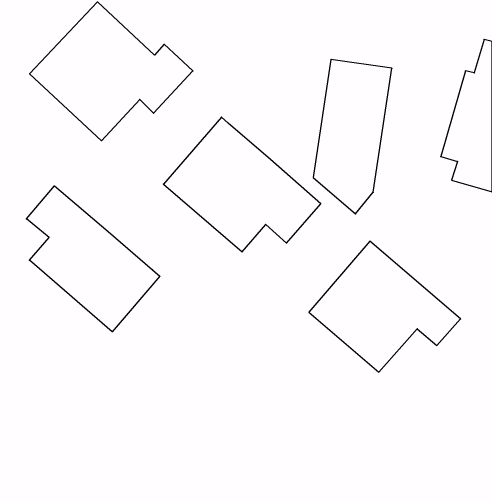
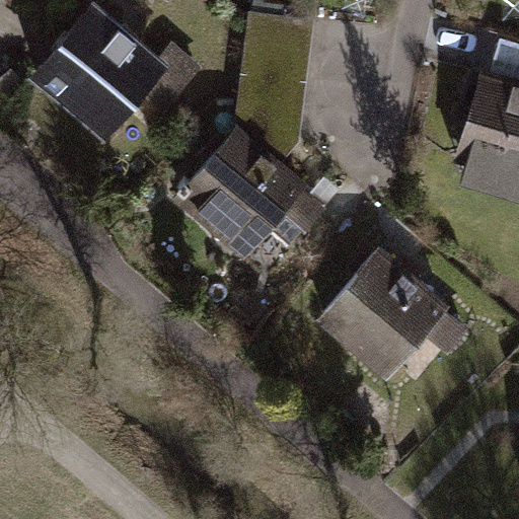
building: [313,59,392,214] -> [235,5,316,164]
building: [26,186,160,332] -> none

